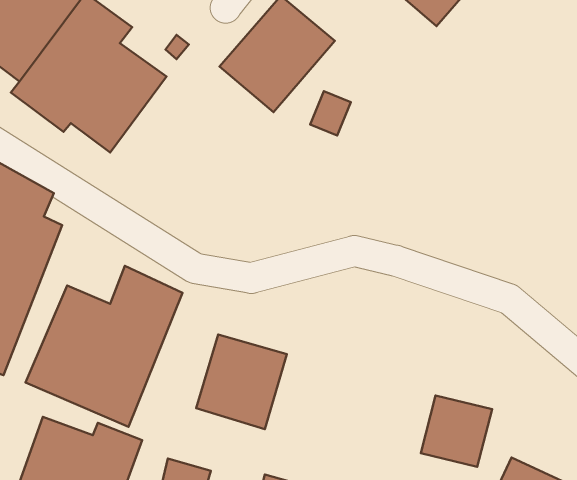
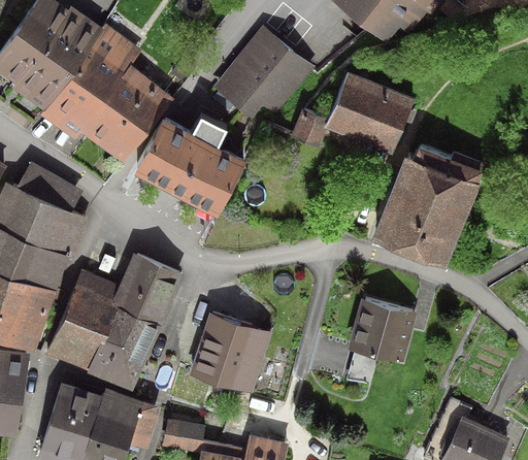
building: none -> [324,68,412,151]
building: none -> [136,121,243,219]
building: none -> [372,142,477,263]
building: [421,395,492,467] -> [349,297,408,357]

